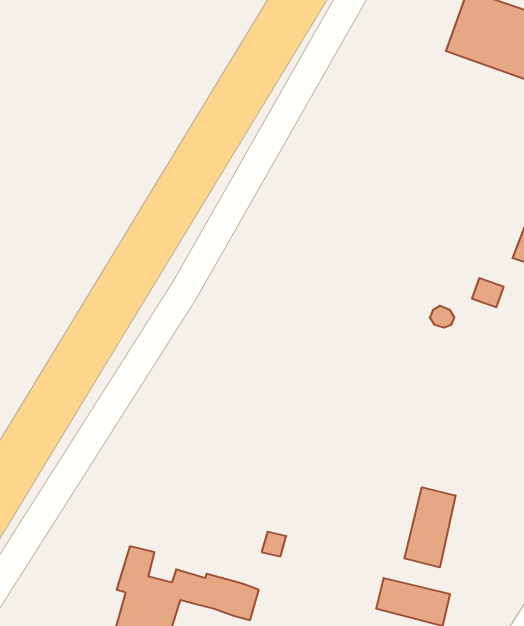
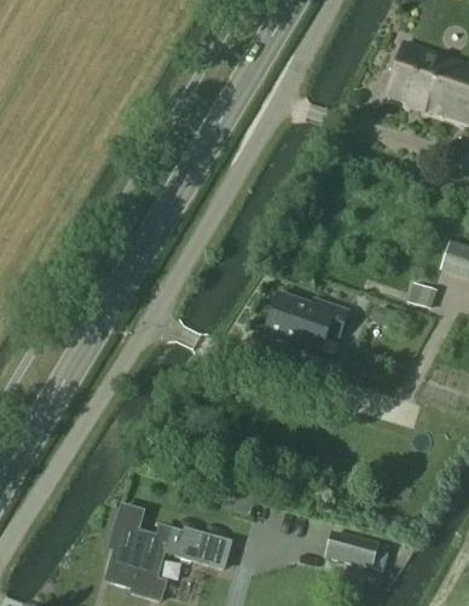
building: none -> [265,294,347,357]
building: [405,487,456,567] -> none

